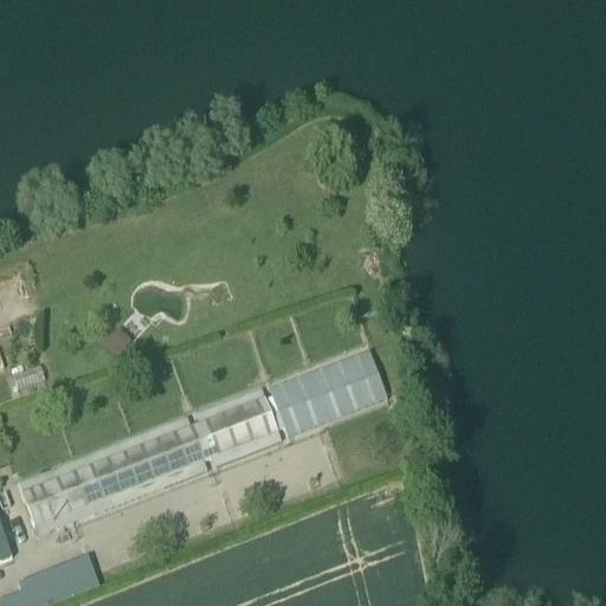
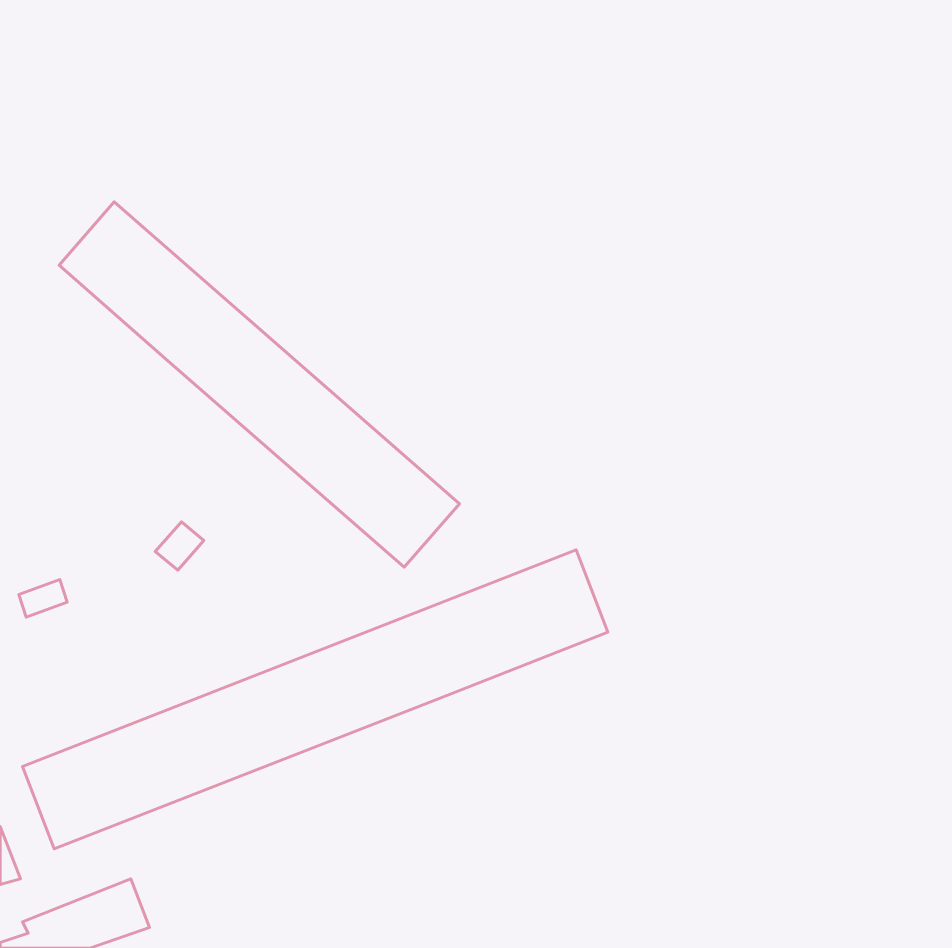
building: none -> [59,202,459,567]

